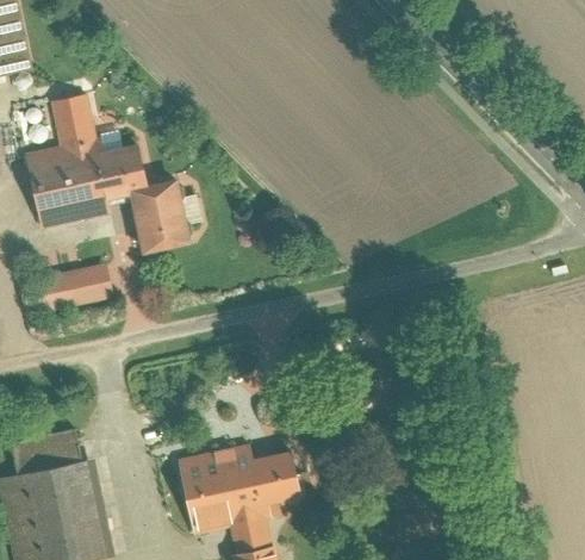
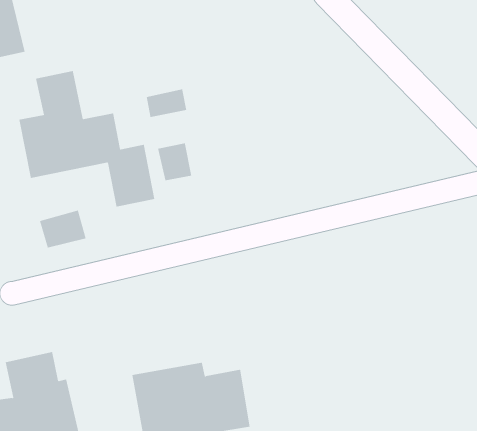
building: none -> [146,89,187,118]
building: none -> [158,143,192,181]

